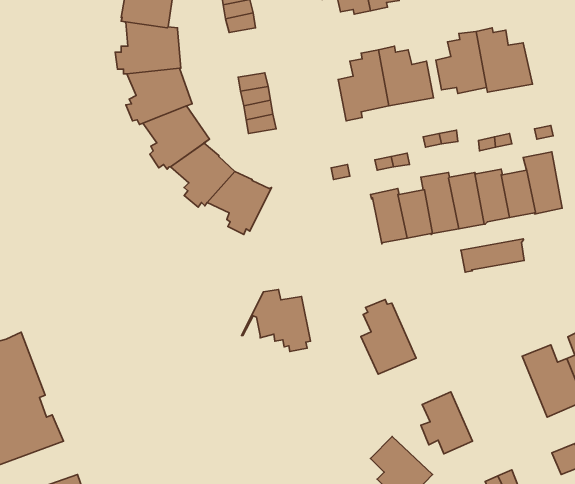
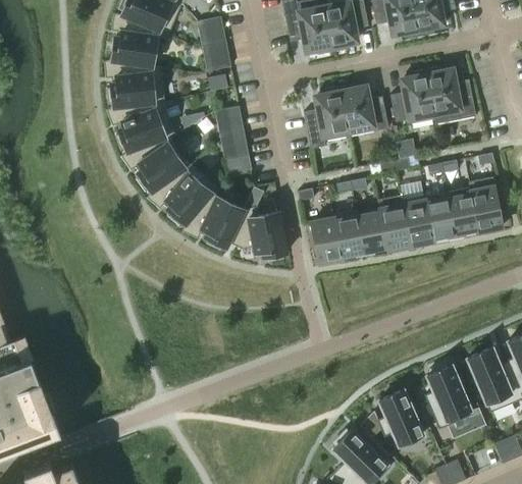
building: none -> [310,218,343,264]
building: [461,239,524,272] -> none
building: [242,289,311,351] -> [225,207,286,262]
building: [361,300,416,374] -> [424,363,473,429]

